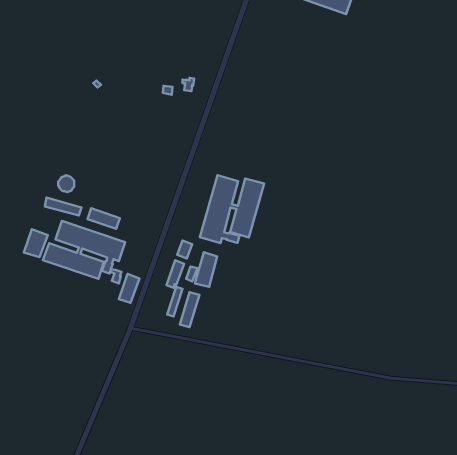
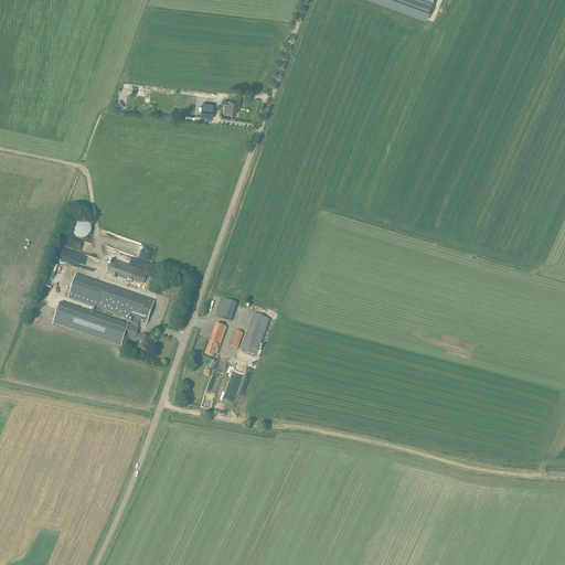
building: [200,175,264,243] -> none
building: [24,229,48,257] -> none
building: [119,274,139,303] -> none

